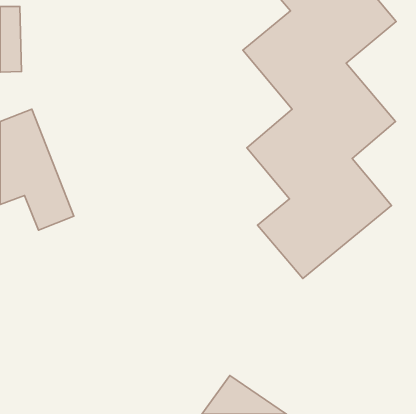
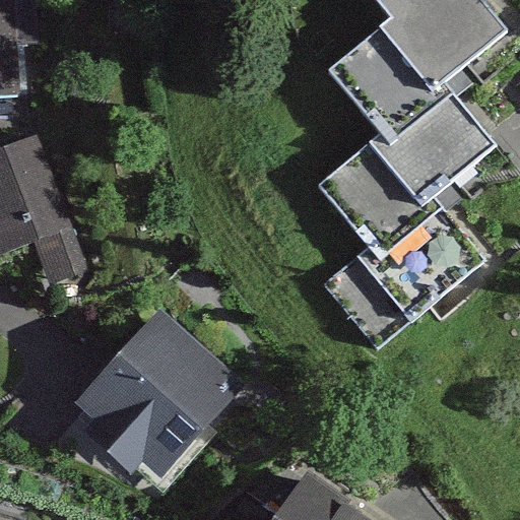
building: none -> [71,314,242,484]

